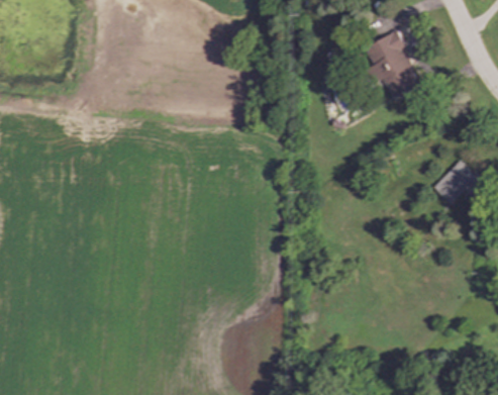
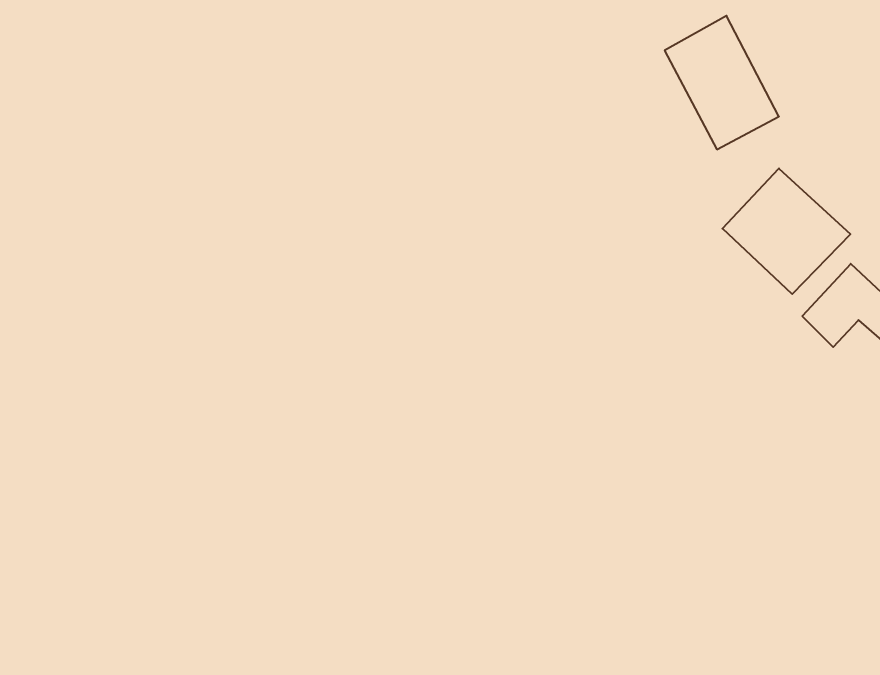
building: none -> [722,168,850,294]

